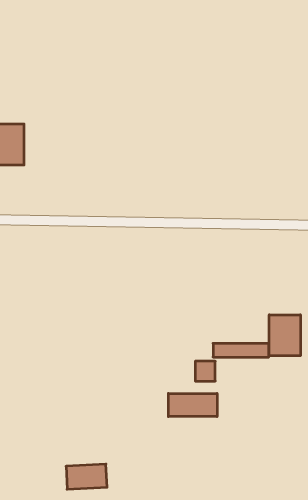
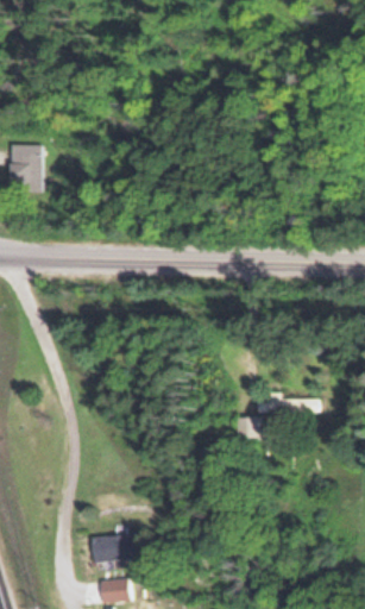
building: [269,315,300,356] -> none
building: [168,393,217,417] -> none

